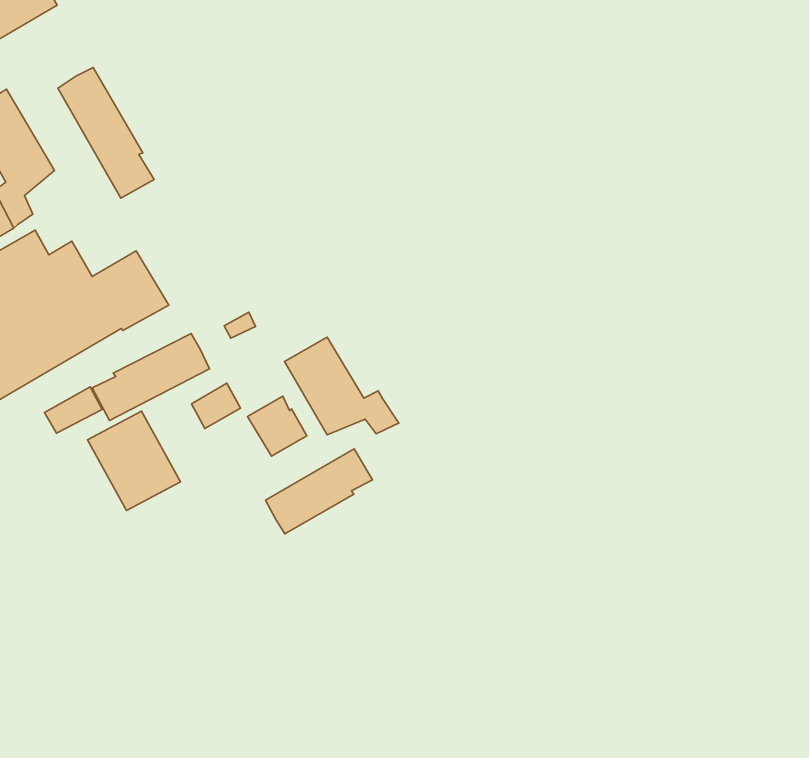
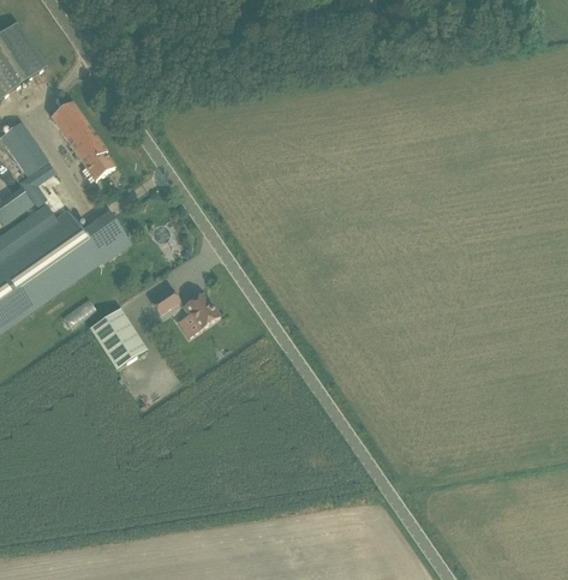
building: [92,333,209,420] -> none
building: [285,337,399,435] -> none
building: [266,449,373,534] -> none

